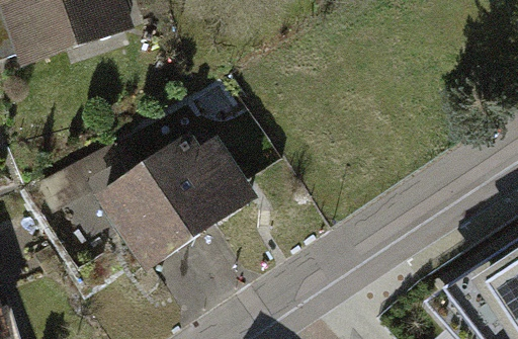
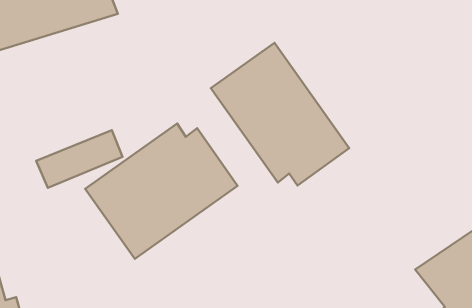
building: none -> [211,43,349,186]

